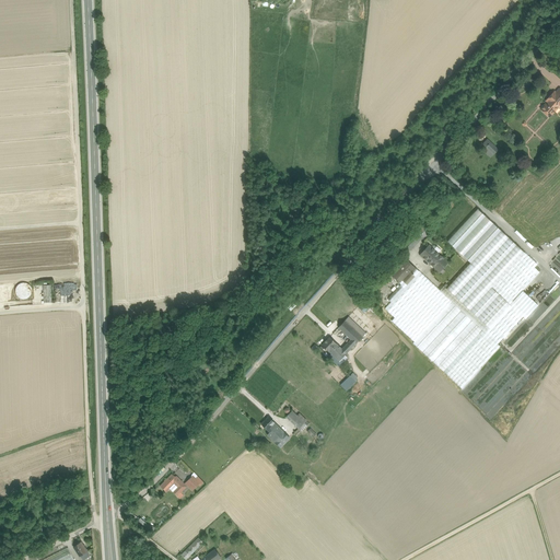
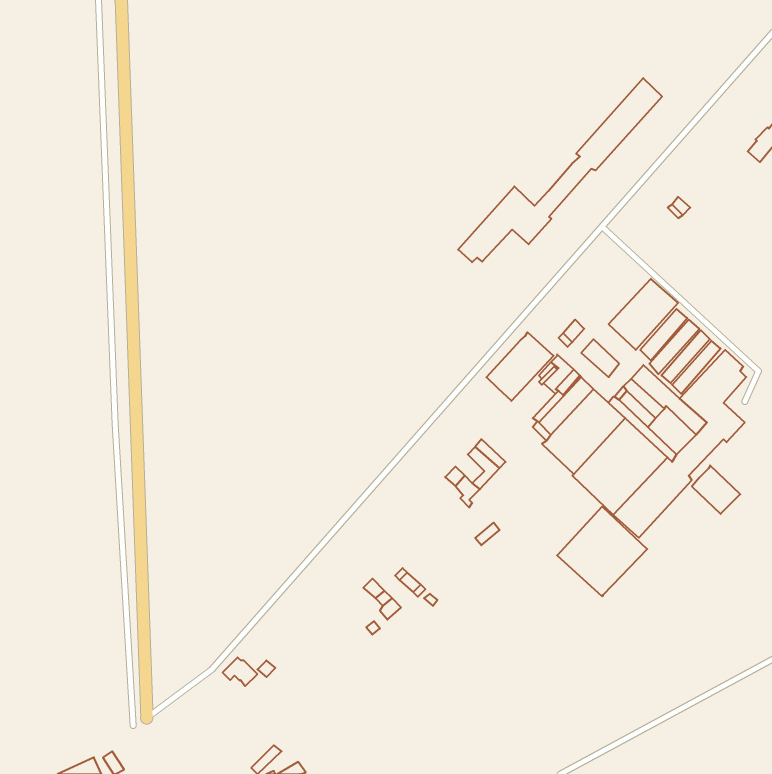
building: none -> [458,78,662,262]
building: none -> [486,332,554,401]
building: [469,293,504,328] -> [692,465,740,514]
building: none -> [557,507,647,596]

